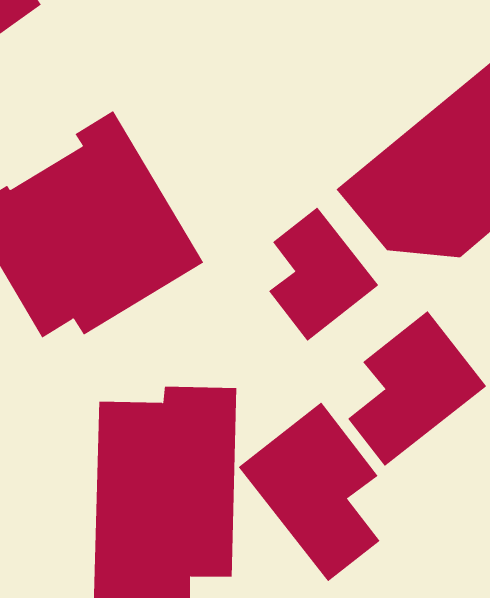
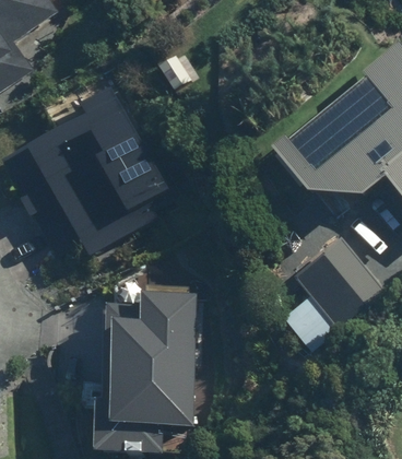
building: [268,206,379,342] -> none
building: [238,402,380,582] -> none

